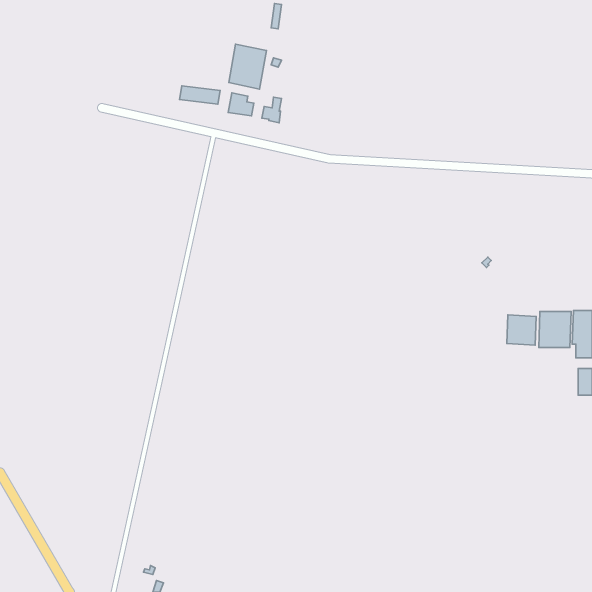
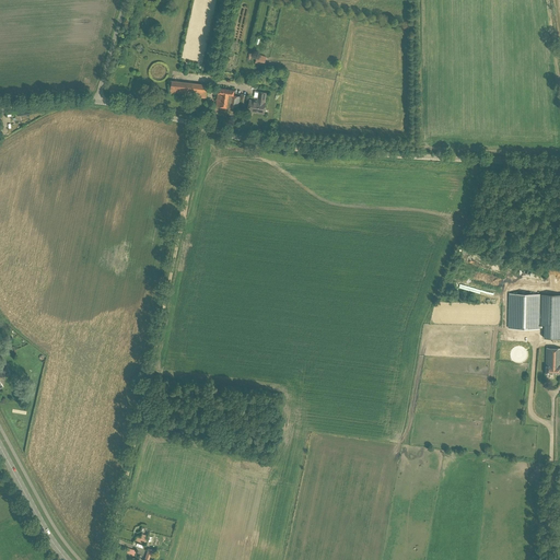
building: [229,44,266,89] -> none
building: [507,315,536,345] -> none

